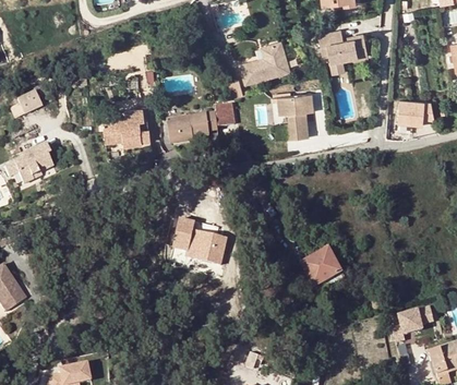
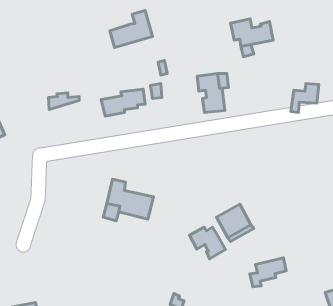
building: [240,41,290,85] -> [110,10,153,47]
building: [105,127,151,148] -> none
building: none -> [189,227,225,259]
building: [389,306,432,340] -> [250,258,286,287]

